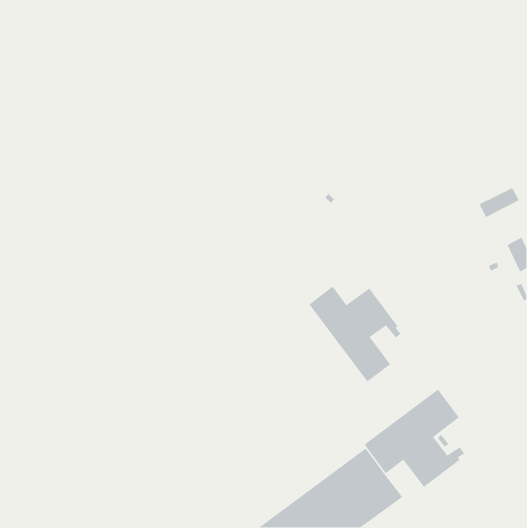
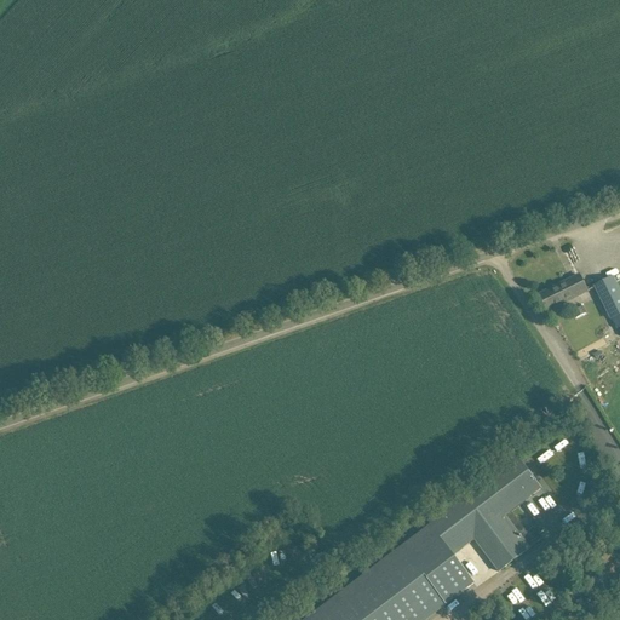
building: [478,187,520,218] -> [538,276,586,312]
building: [309,285,401,383] -> none

